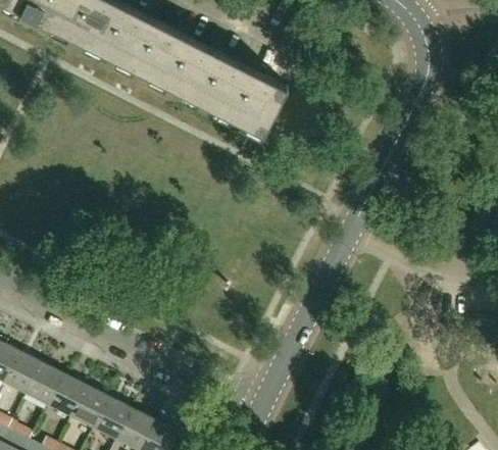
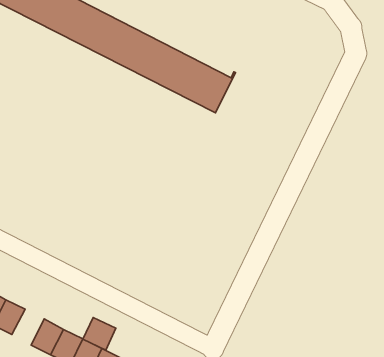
building: [26,362,63,404] -> none
building: none -> [83,318,116,350]

